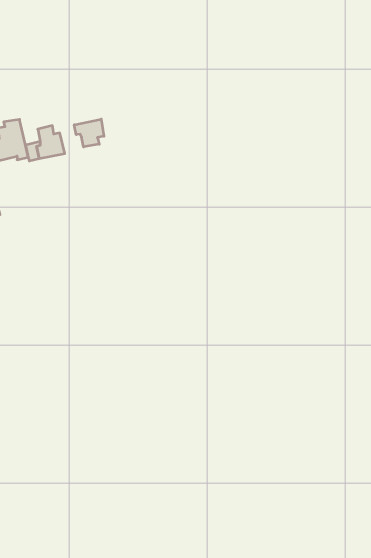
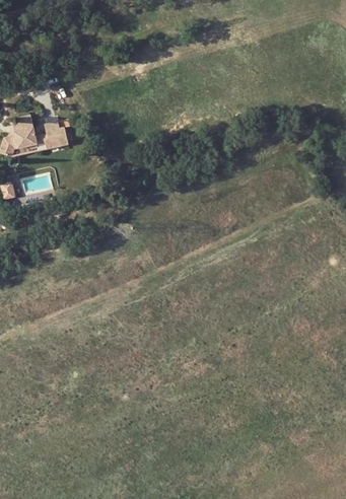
building: [74,119,104,147] -> none

